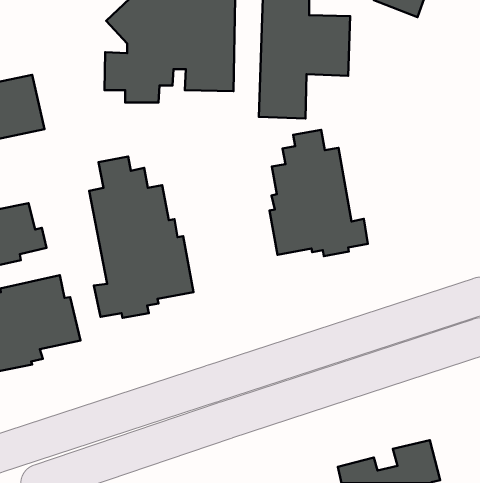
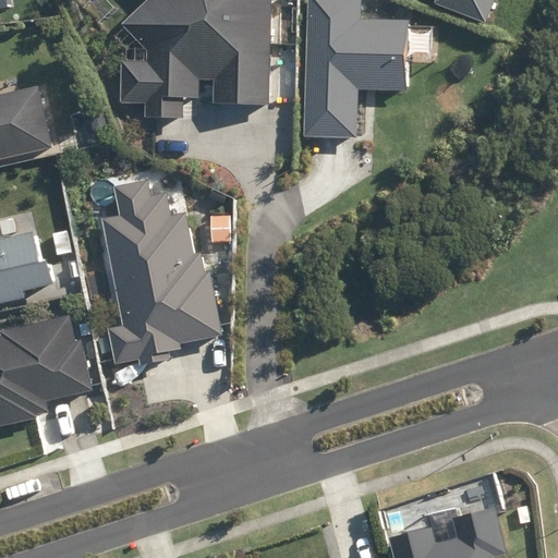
building: [269,130,368,256] -> none

